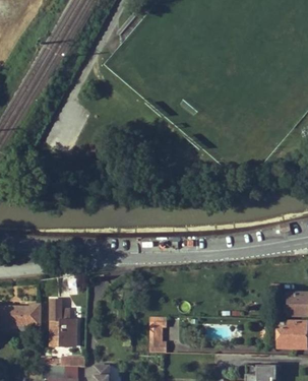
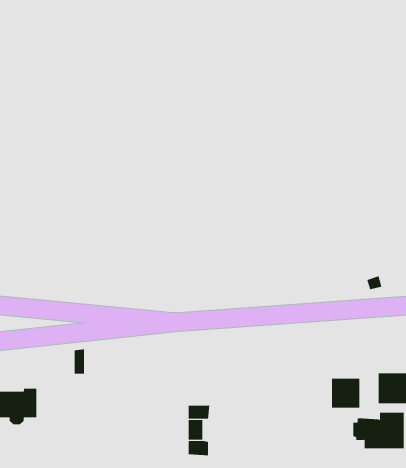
building: none -> [332,378,360,408]
building: [50,299,68,345] -> none

